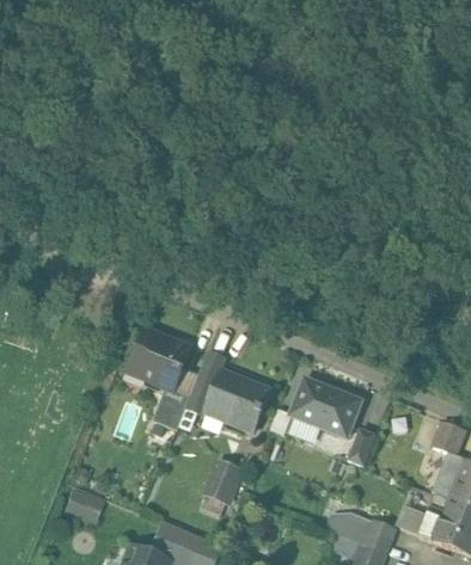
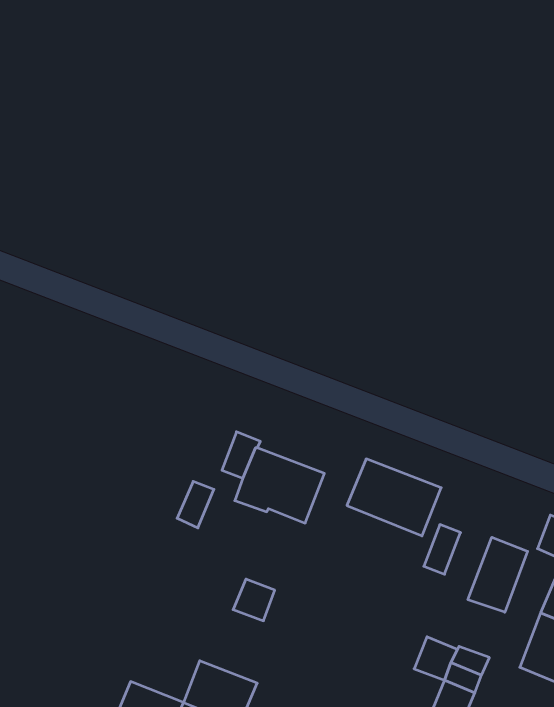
building: [123,330,192,391] -> none
building: none -> [468,537,528,612]
building: [65,490,100,517] -> none

